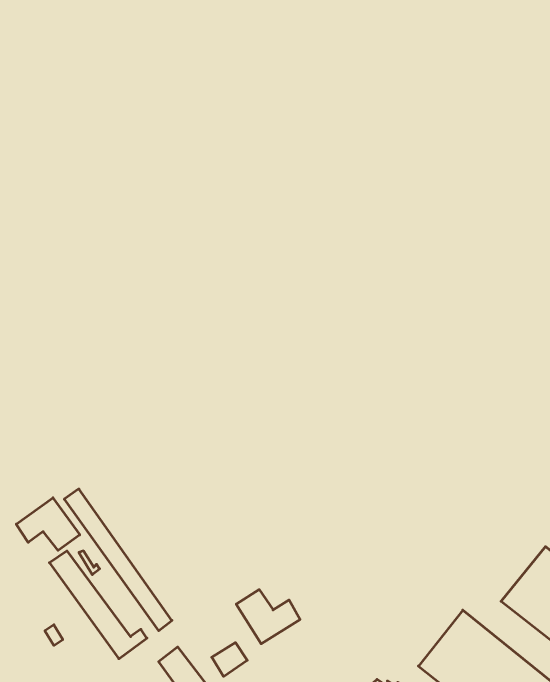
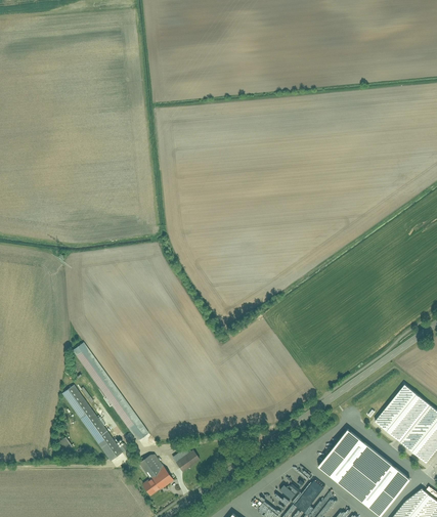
building: [16,498,80,550] -> none
building: [236,590,300,644] -> none

